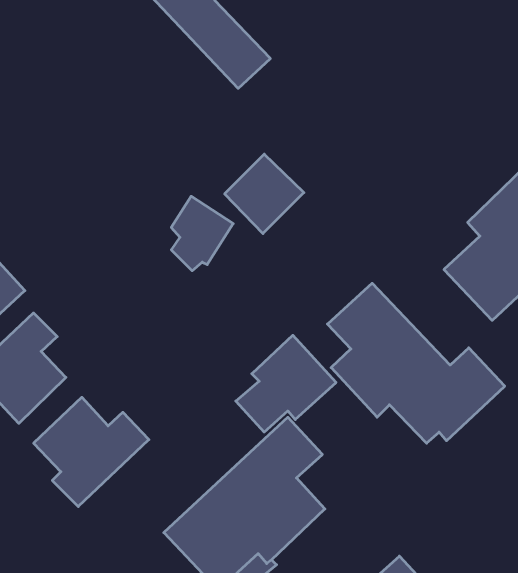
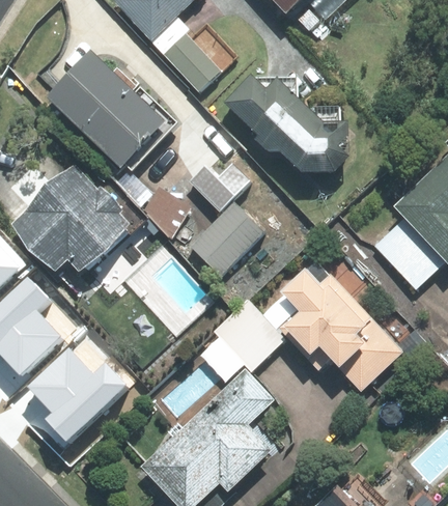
building: none -> [48,49,175,173]
building: none -> [232,75,354,172]
building: none -> [15,160,139,274]
building: none -> [193,202,270,278]

